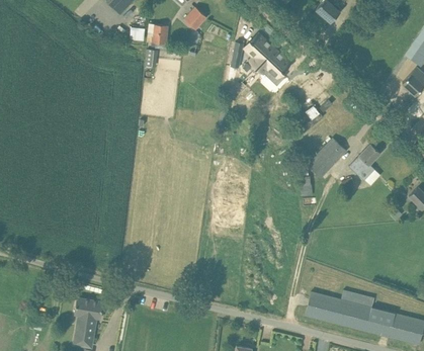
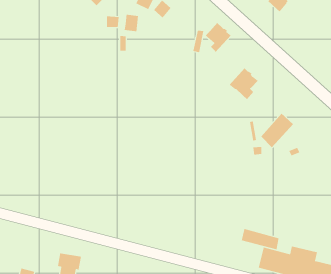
building: [257,49,291,86] -> [229,68,259,100]
building: [349,144,381,180] -> none
building: none -> [241,228,279,250]

